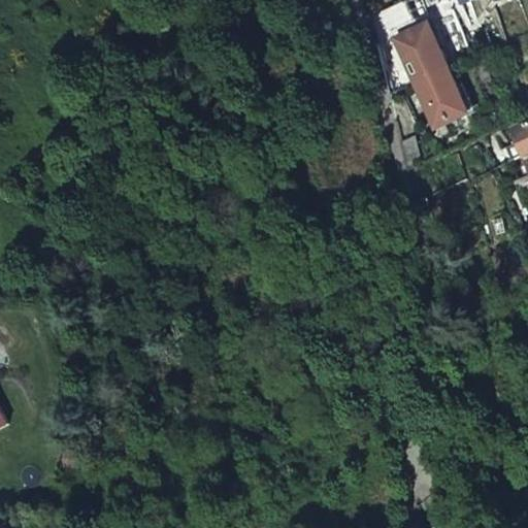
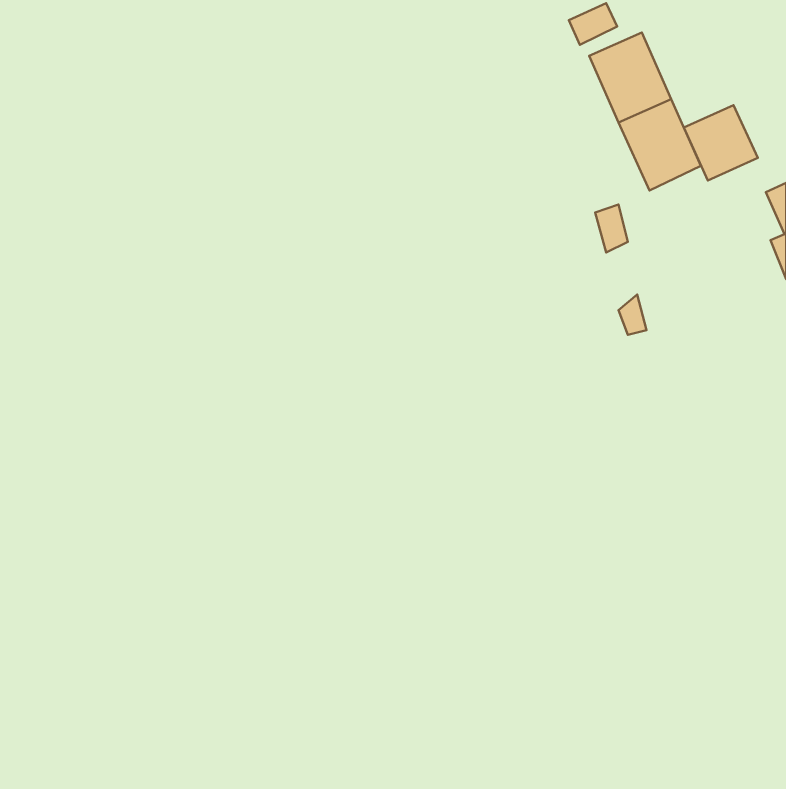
building: none -> [684,105,758,181]

